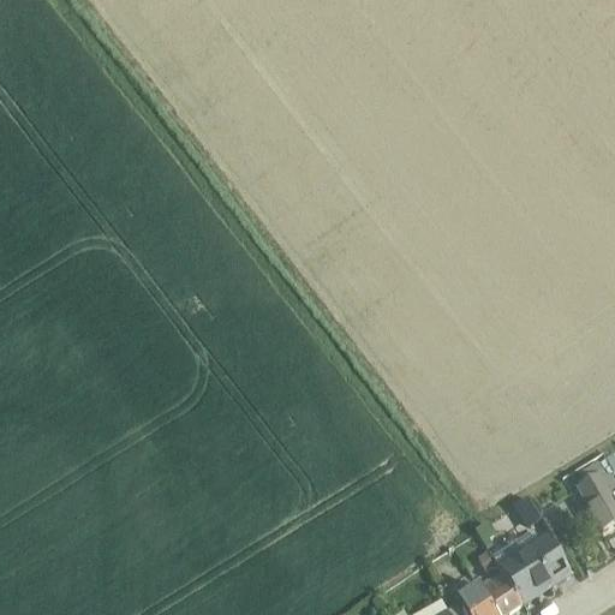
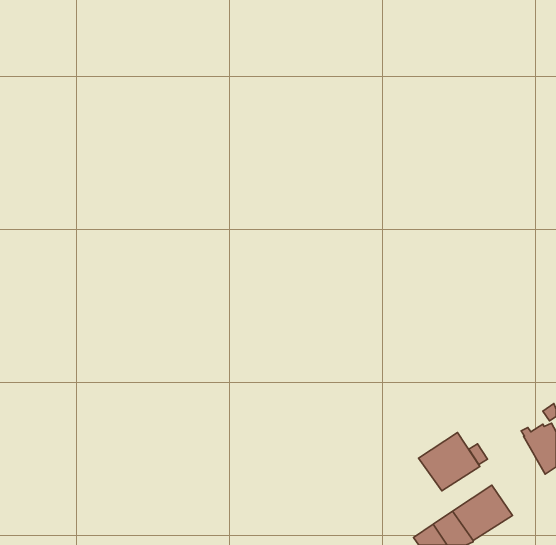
building: none -> [418,432,480,491]

